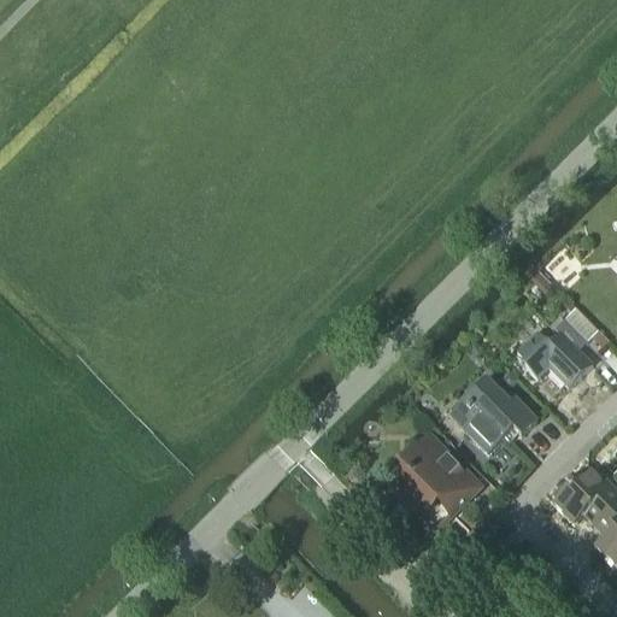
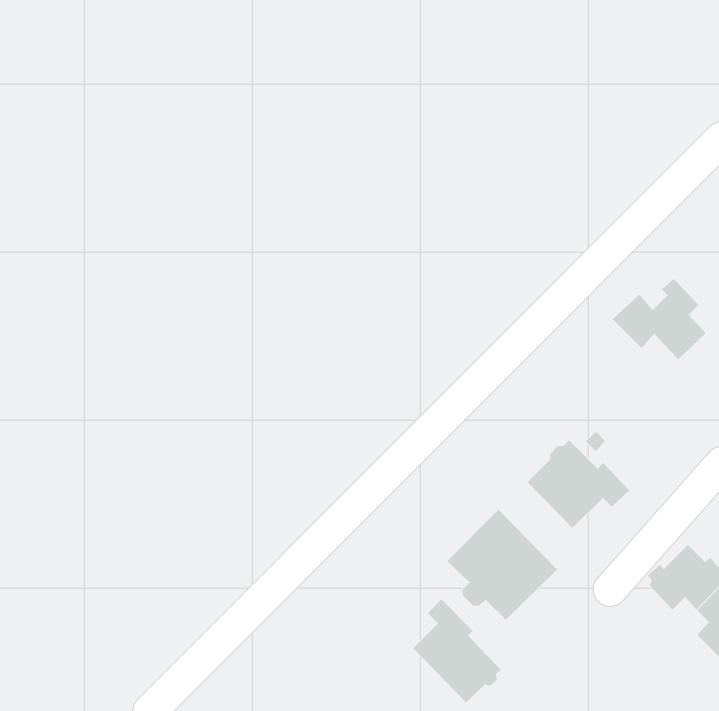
building: [515,315,595,384] -> [612,278,706,360]
building: none -> [412,599,501,703]

